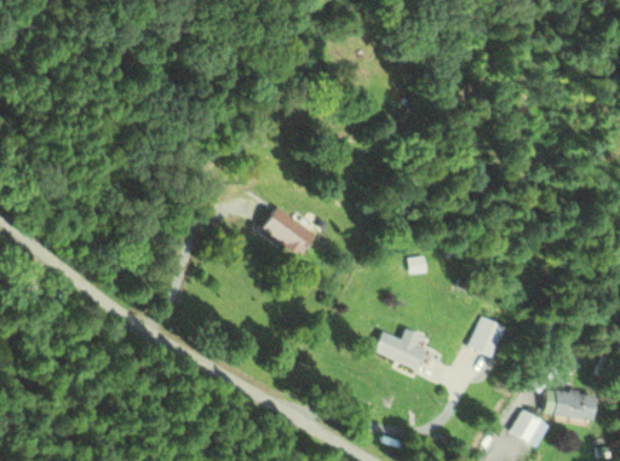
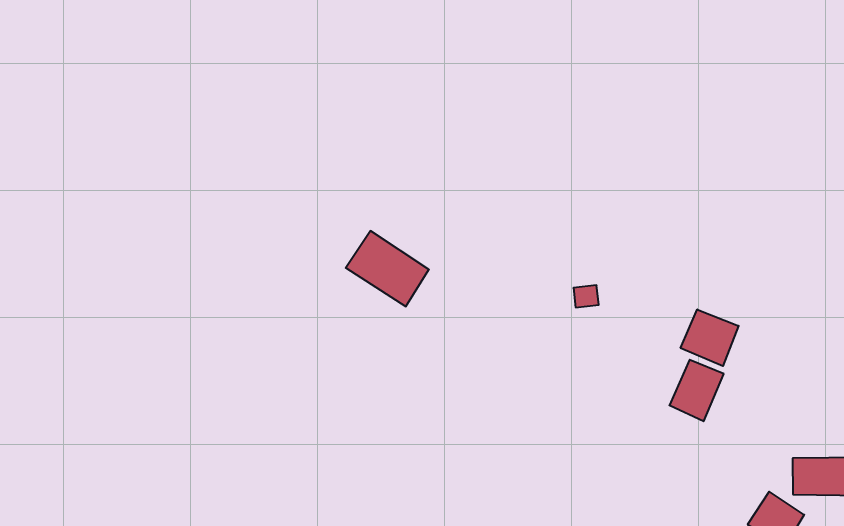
building: none -> [681,309,739,366]
building: [372,329,423,370] -> none

